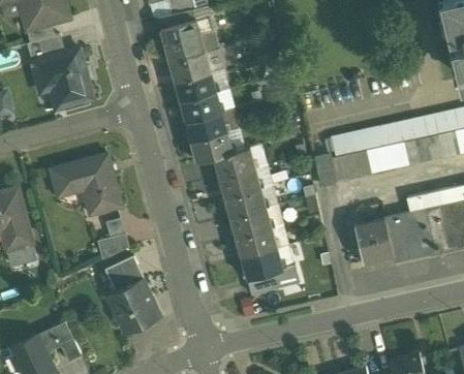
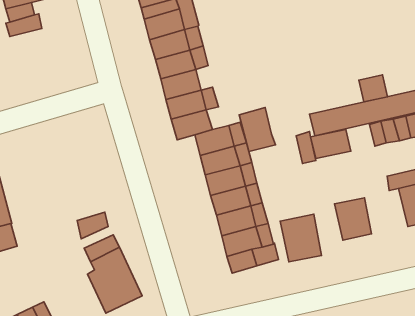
building: [31,51,92,110] -> none
building: none -> [239,108,275,151]
building: [365,146,394,173] -> [359,75,388,102]
building: [50,155,121,215] -> none
building: [382,210,427,257] -> none
building: none -> [280,214,322,262]

